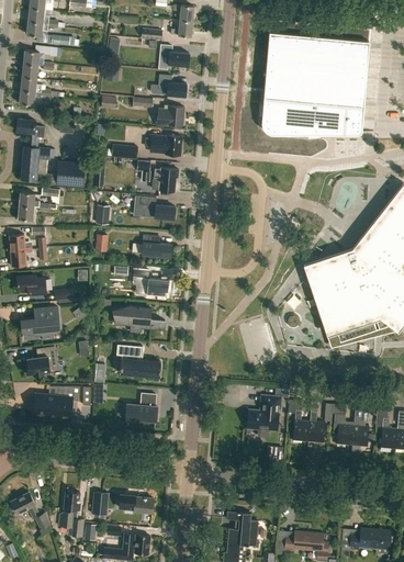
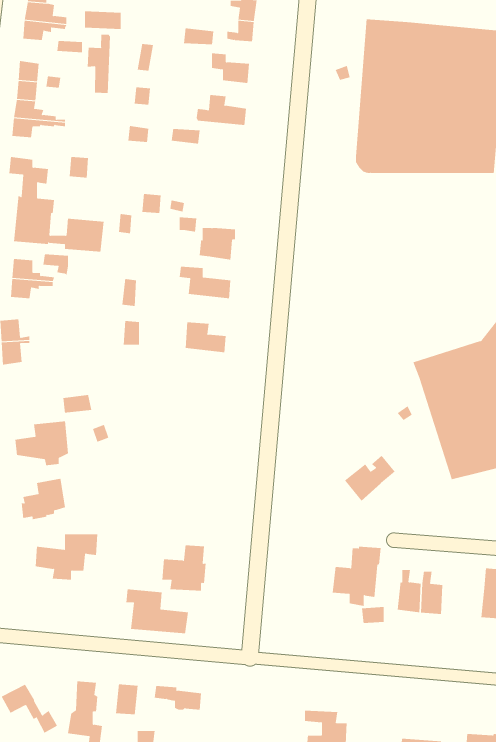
building: none -> [87,34,111,94]
building: [156,106,184,127] -> none
building: [150,135,181,154] -> none
building: [133,269,169,299] -> none
building: [16,274,46,294] -> none
building: [113,305,165,331] -> none
building: none -> [344,455,395,501]
building: [116,346,161,378] -> [125,589,189,634]
building: [333,414,354,446] -> none

